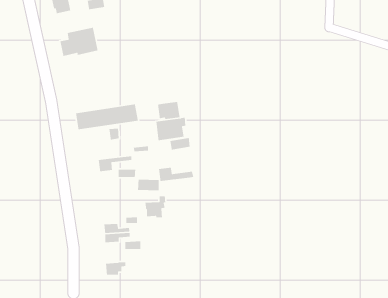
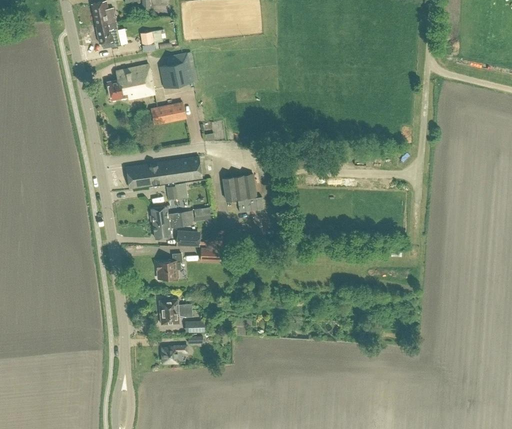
building: none -> [159,53,194,88]
building: none -> [151,102,186,125]
building: [157,101,180,120] -> none
building: [158,167,194,182] -> [151,206,194,224]
building: [145,196,166,218] -> [156,254,182,281]

